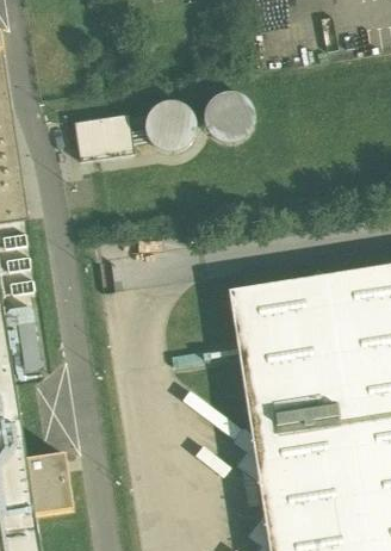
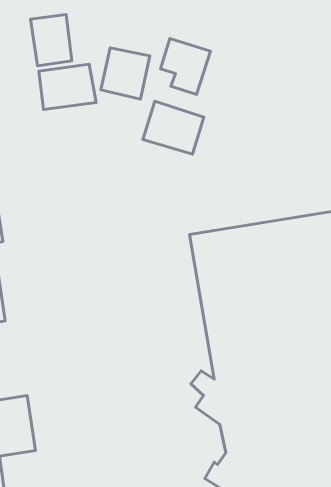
building: none -> [31,15,72,66]
building: none -> [143,101,204,154]

